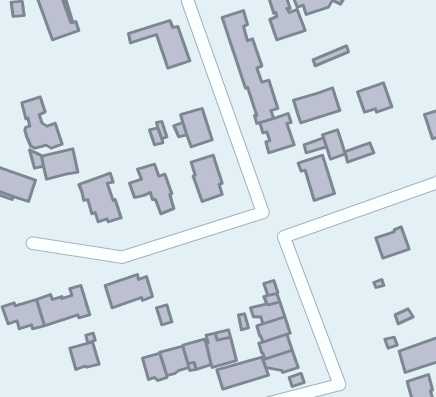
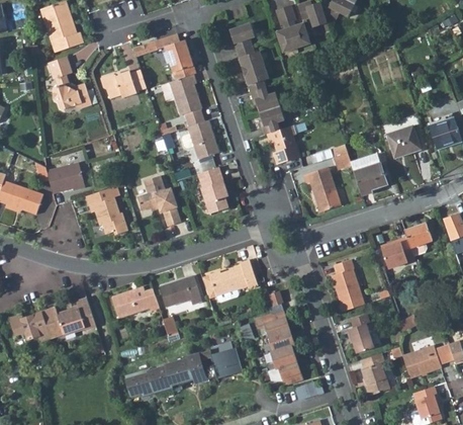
building: none -> [100,69,147,97]
building: none -> [167,73,203,125]
building: [357,83,392,112] -> [386,126,421,156]
building: [293,88,340,123] -> none
building: [22,97,62,148] -> [50,56,90,107]
building: none -> [353,164,387,194]
building: none -> [404,223,431,249]
building: none -> [330,258,364,312]
building: none -> [201,259,257,301]
building: none -> [159,274,201,307]
building: none -> [348,312,373,351]
building: [70,342,99,369] -> [124,368,154,396]
building: none -> [361,353,390,395]
building: [217,357,268,389] -> none

